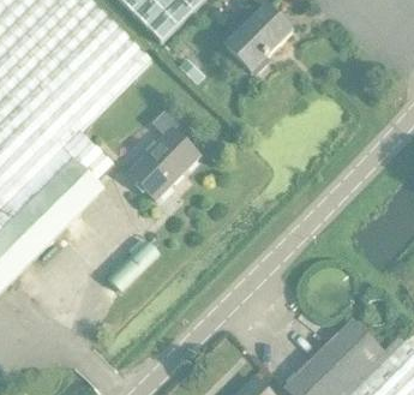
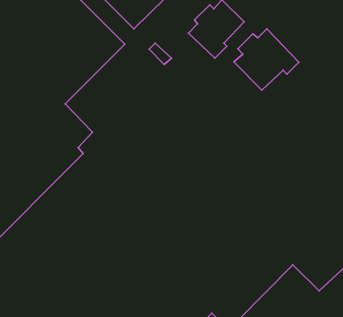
building: none -> [234,29,299,90]
building: [126,110,198,201] -> none

